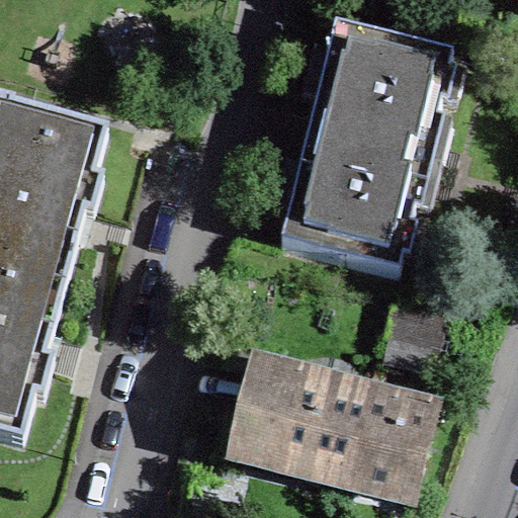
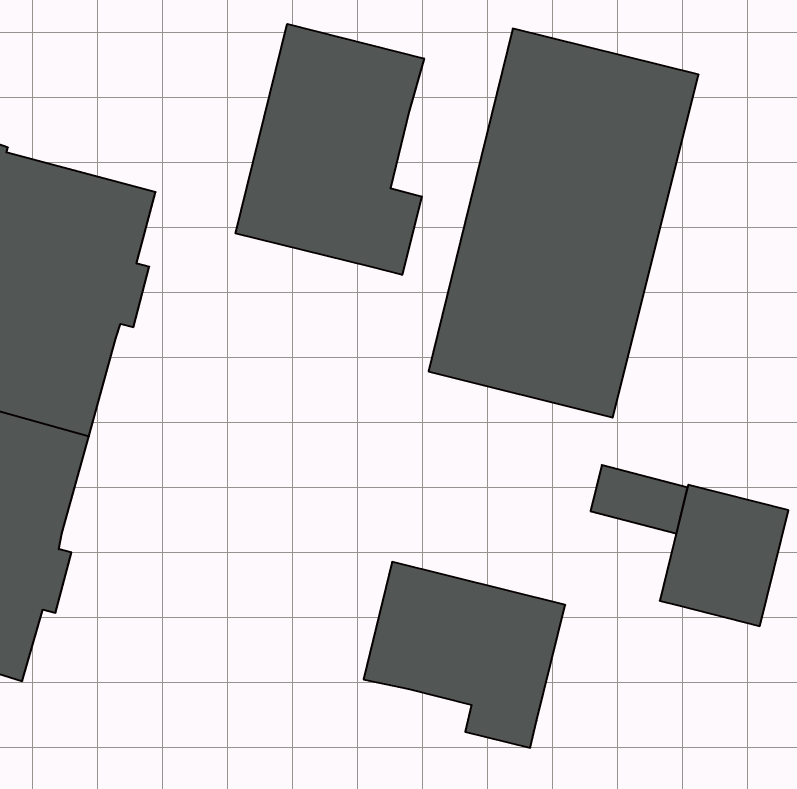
building: none -> [236,24,424,275]
building: [342,385,424,476] -> [660,485,788,626]

